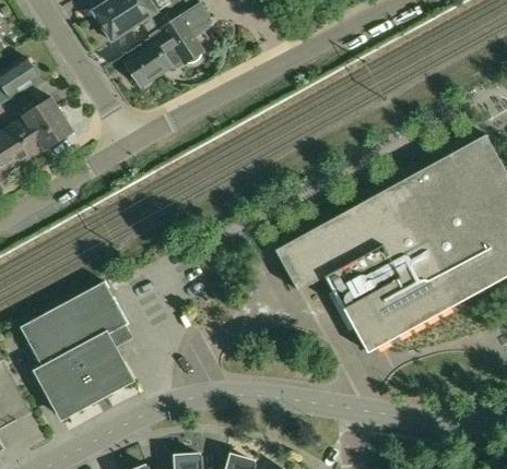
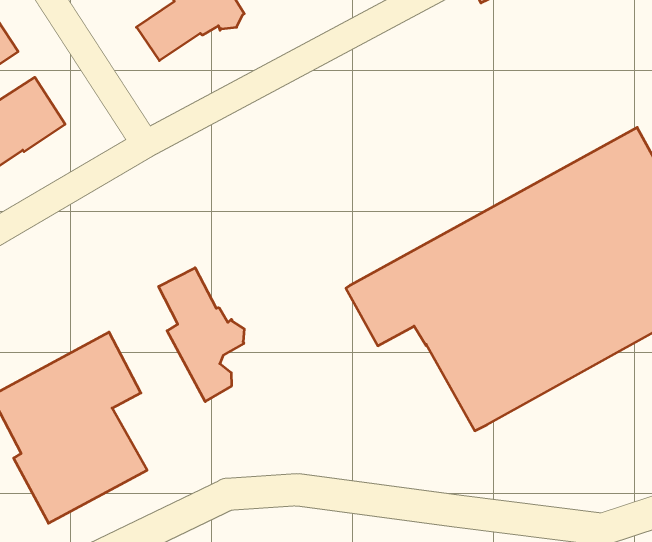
building: none -> [159,268,244,402]

